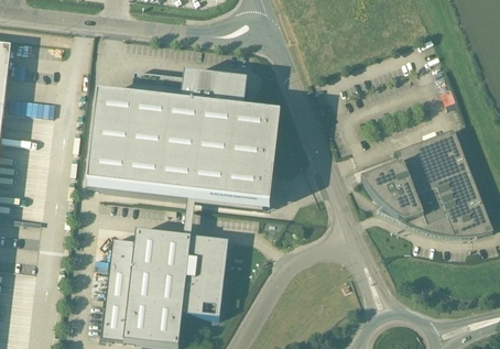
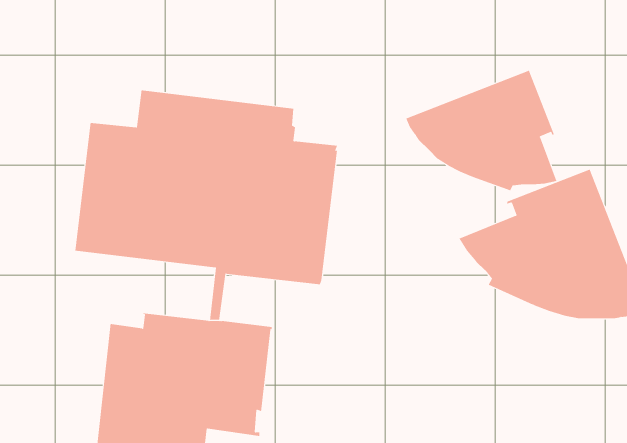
building: none -> [406,70,557,191]

